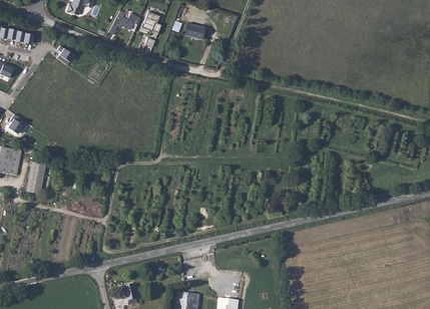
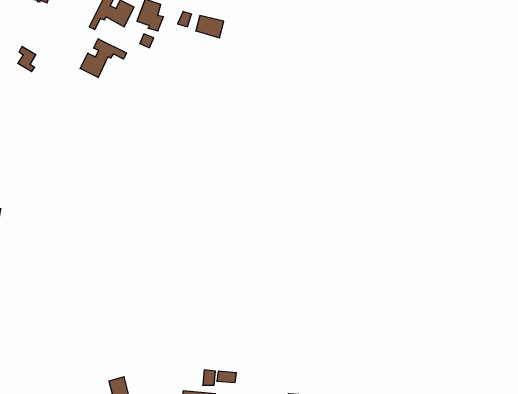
building: none -> [80,39,127,78]

